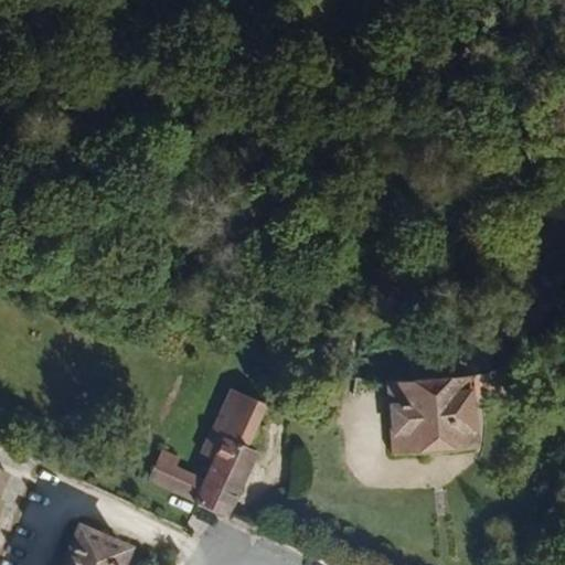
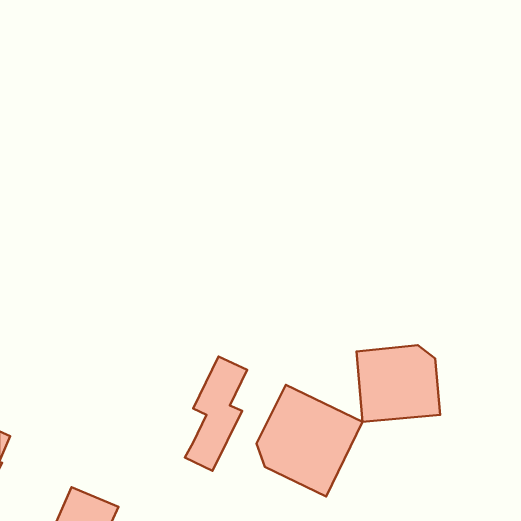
building: none -> [256,385,363,497]
building: [156,450,209,495] -> none

